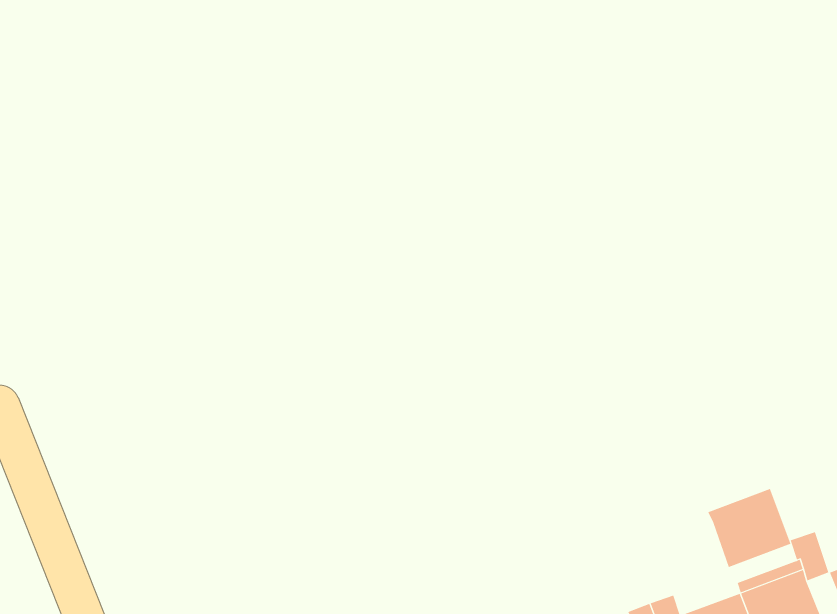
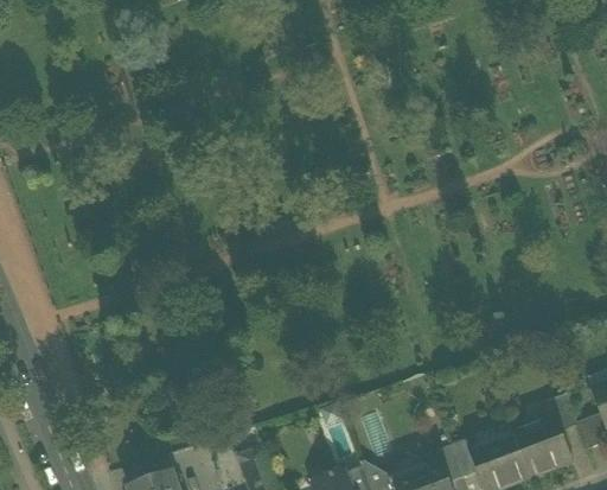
building: [708,488,791,568] -> none

